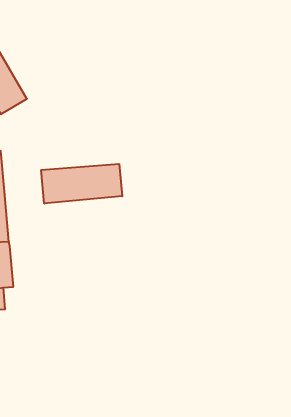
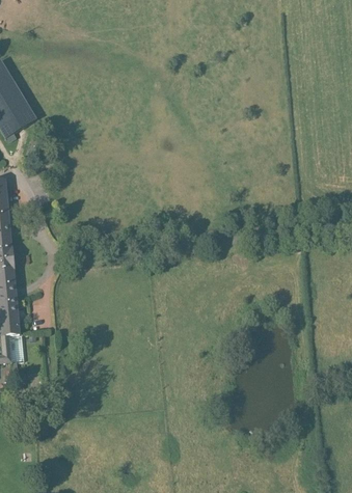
building: [41,164,122,204] -> none

